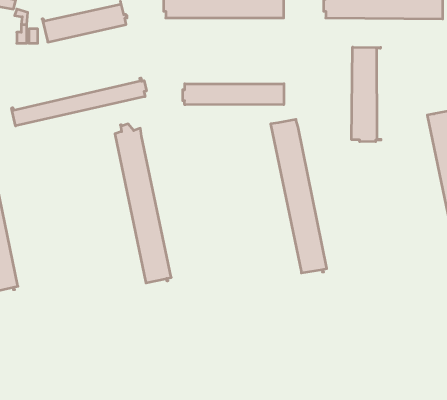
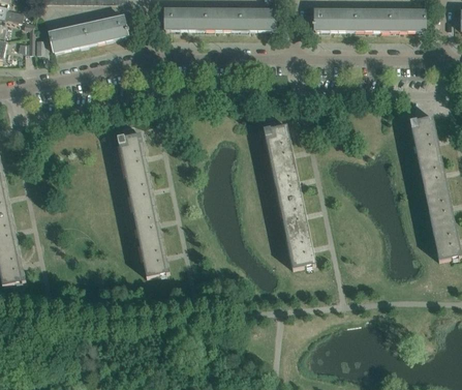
building: [352,47,381,142] -> none
building: [12,78,146,126] -> none
building: [183,84,284,105] -> none

